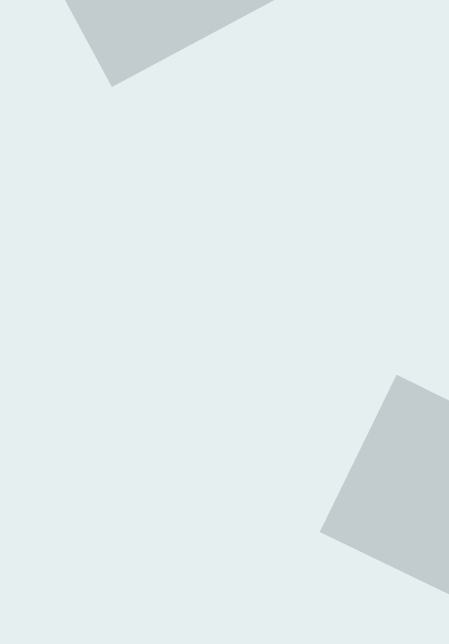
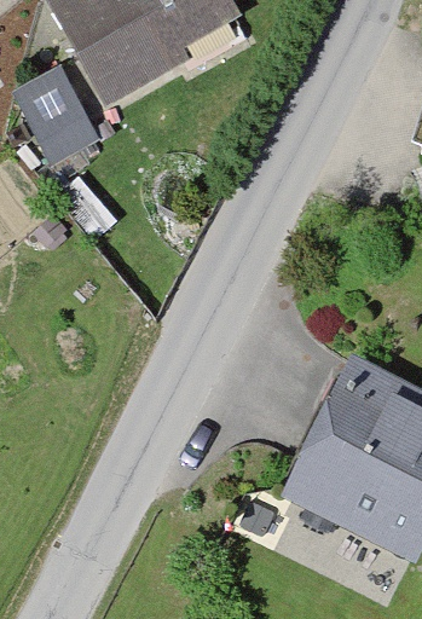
building: none -> [13,58,100,158]

